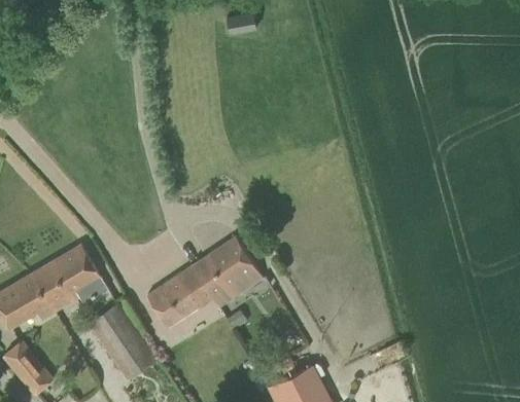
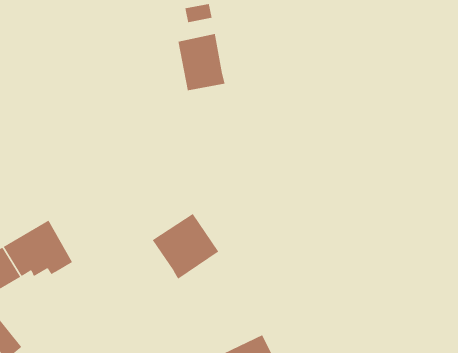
building: none -> [178,33,225,91]
building: [147,266,214,328] -> none
building: [88,302,158,380] -> none

